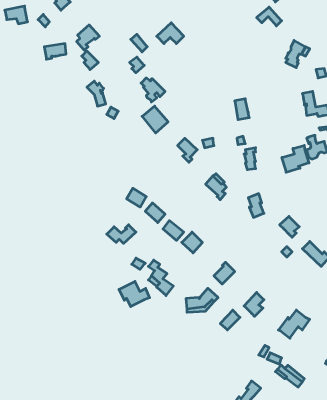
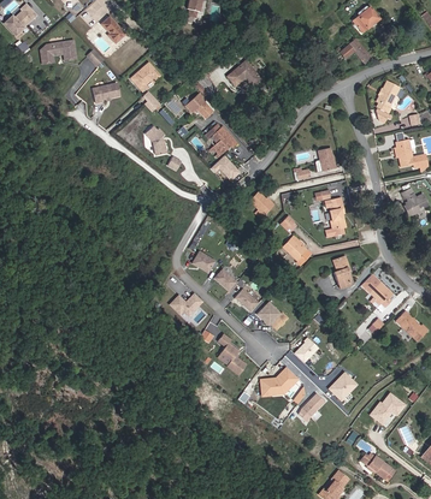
building: [282,145,309,172] -> none
building: [119,281,150,307] -> none

